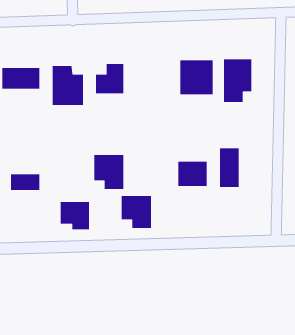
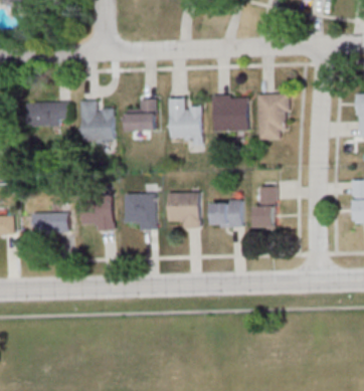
building: none -> [168,99,202,146]
building: [121,195,152,229] -> [167,193,199,228]
building: [60,201,90,230] -> [80,200,112,230]

